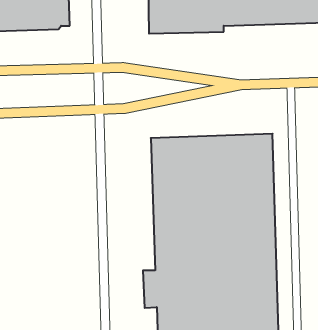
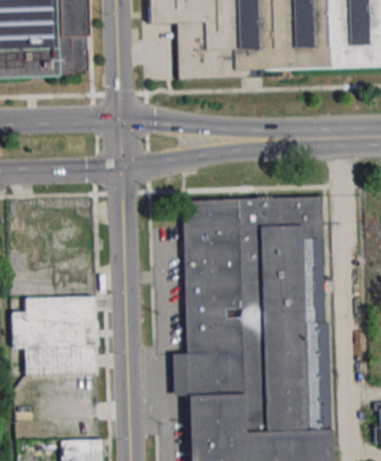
building: none -> [11,297,97,375]

